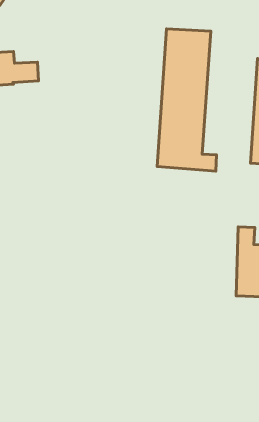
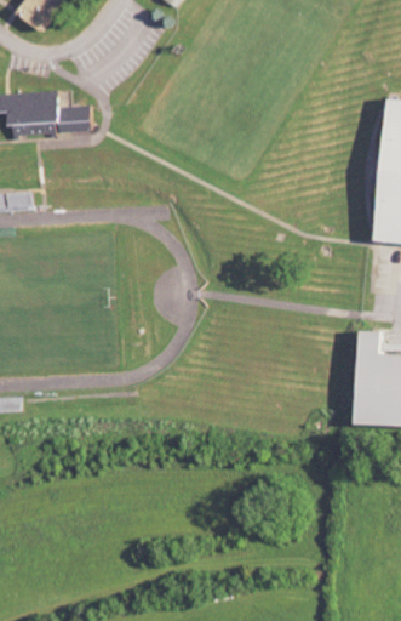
building: [157,29,217,171] -> none

